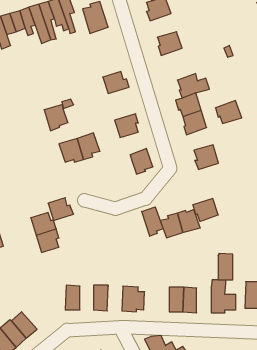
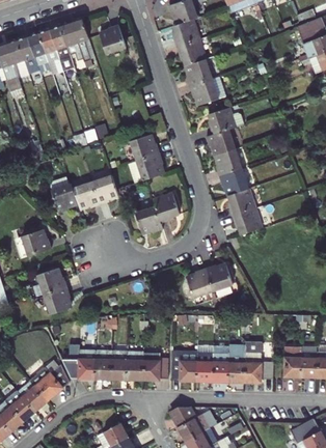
building: none -> [175,40,206,67]
building: none -> [188,80,218,107]
building: [103,72,129,93] -> [129,137,159,162]
building: [215,101,242,123] -> [217,170,247,196]
building: [44,104,68,131] -> [50,184,77,214]
building: none -> [135,207,161,233]
building: [48,198,74,221] -> [22,231,51,257]
building: [193,199,218,221] -> [230,211,260,236]
building: [142,207,163,236] -> none
building: [218,253,233,280] -> [228,351,245,381]
building: none -> [96,348,111,377]
building: none -> [171,349,197,380]
building: none -> [127,351,144,379]
building: none -> [28,363,69,399]

